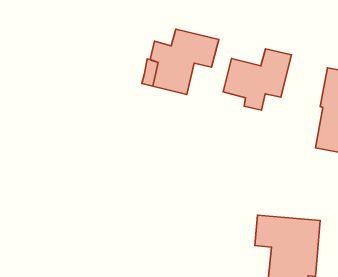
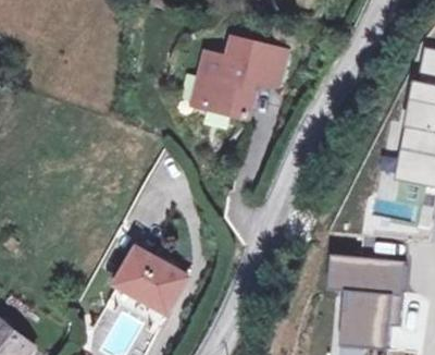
building: [223,49,292,110] -> none
building: none -> [117,245,186,310]

